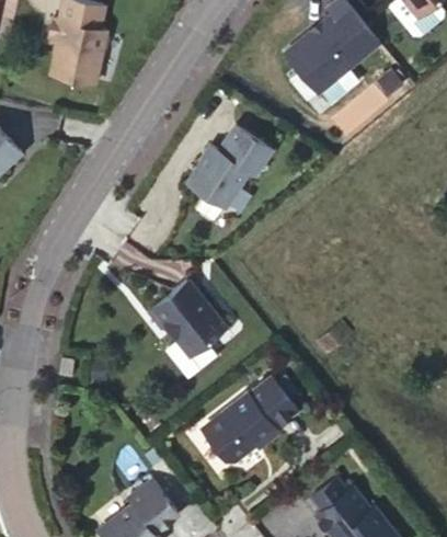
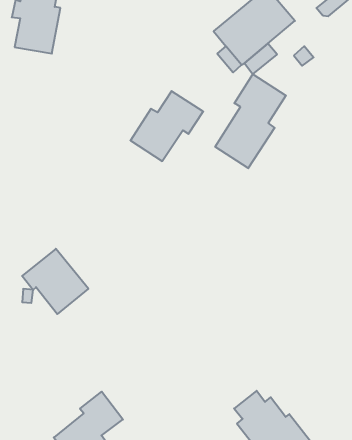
building: none -> [215,74,286,168]
building: [146,278,224,355] -> [22,249,88,314]
building: [199,377,295,461] -> none

